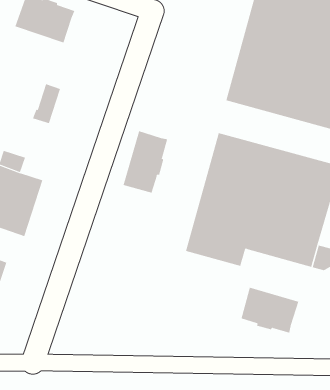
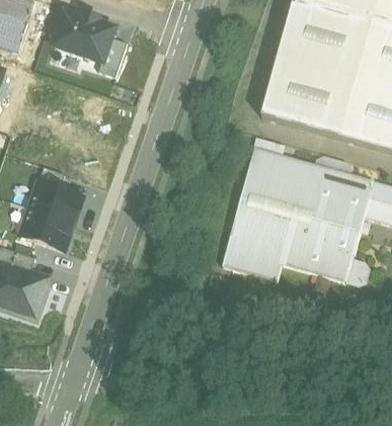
building: [32,84,61,124] -> [97,35,126,75]
building: [123,130,168,193] -> none
building: [241,287,299,333] -> none

